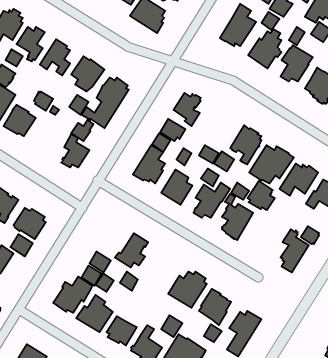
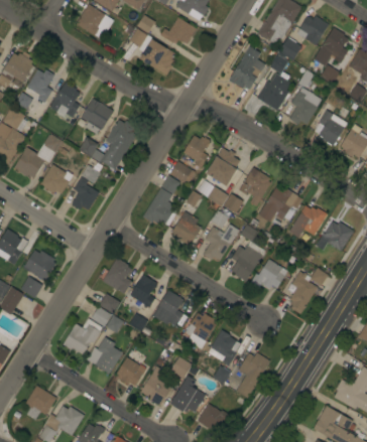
building: none -> [206,148,240,186]
building: none -> [39,164,71,194]
building: [248,181,275,210] -> [257,259,284,288]
building: none -> [102,258,132,294]
building: none -> [152,290,184,326]

